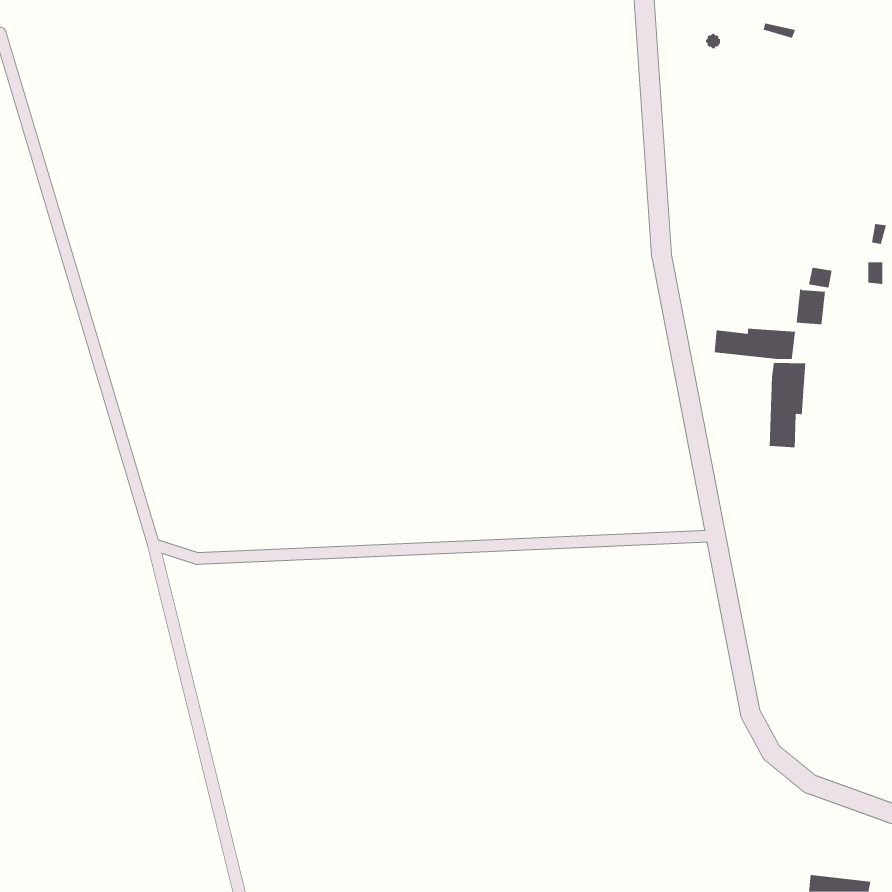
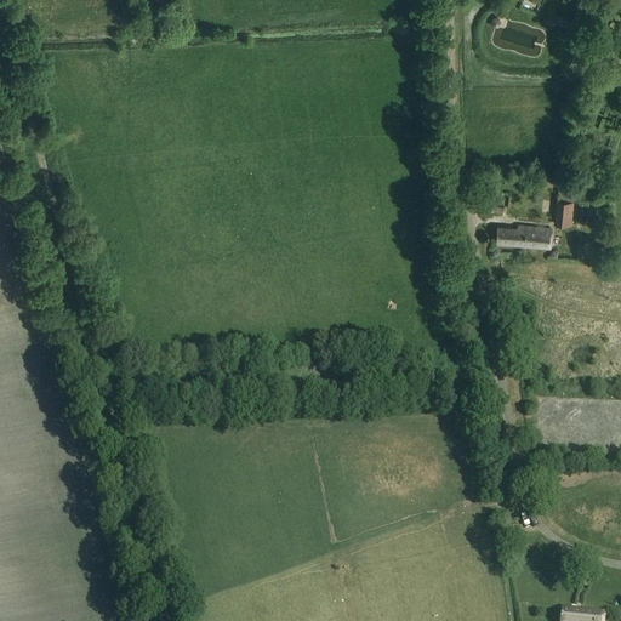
building: [769,362,806,448] -> none

